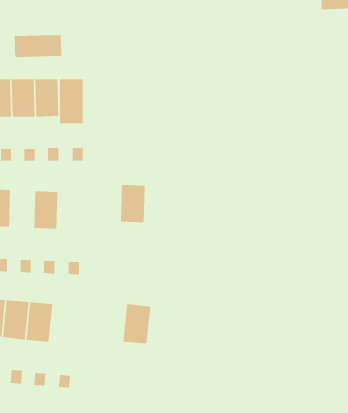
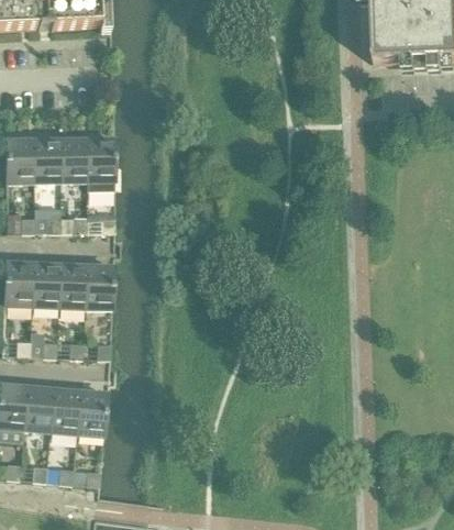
building: [14,34,62,58] -> none
building: [120,184,146,223] -> [85,266,113,309]
building: none -> [32,264,59,307]
building: [123,304,151,344] -> [76,391,108,437]

